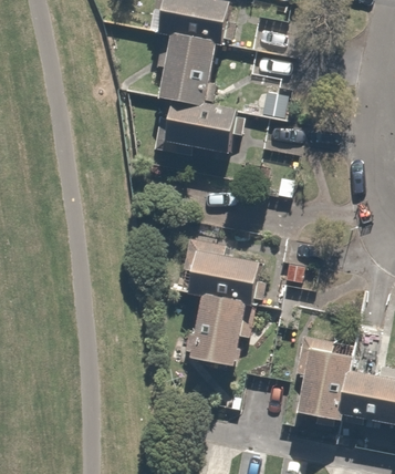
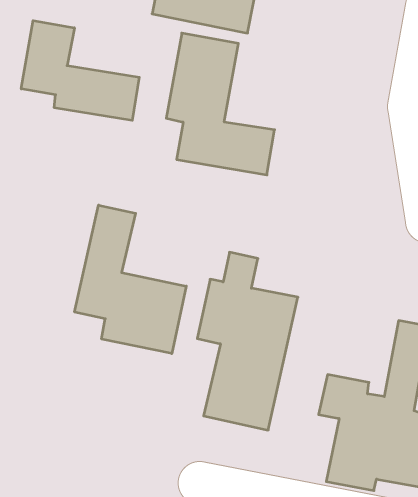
building: none -> [21,21,139,120]
building: none -> [75,205,186,354]

